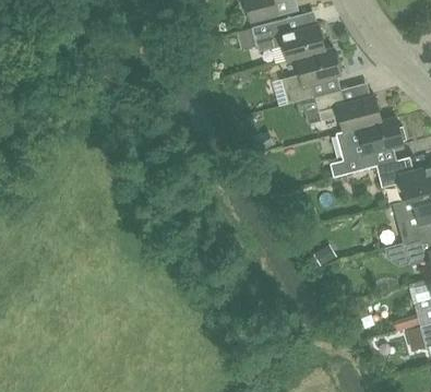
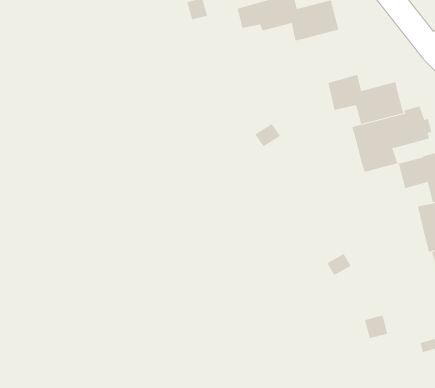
building: [282,47,342,103] -> none

